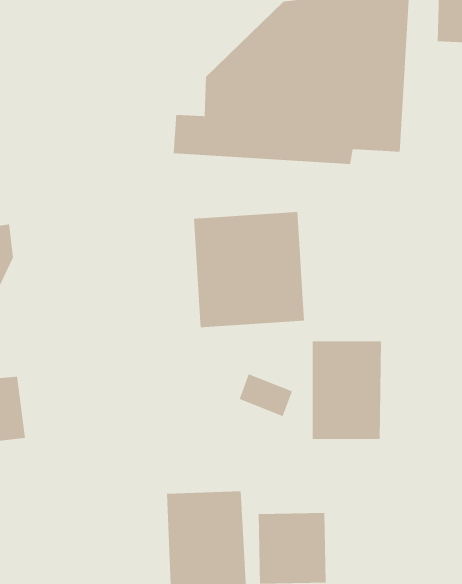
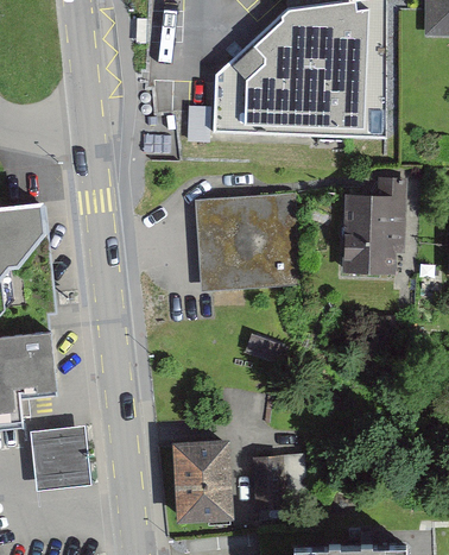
building: [312,341,382,439] -> [340,195,401,282]
building: none -> [37,431,93,493]

